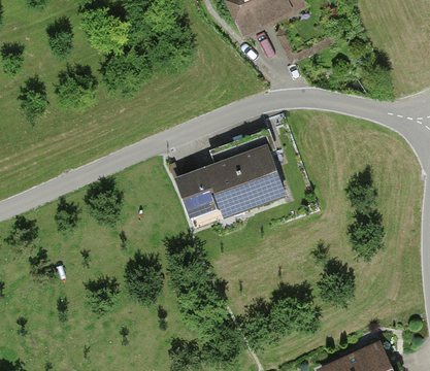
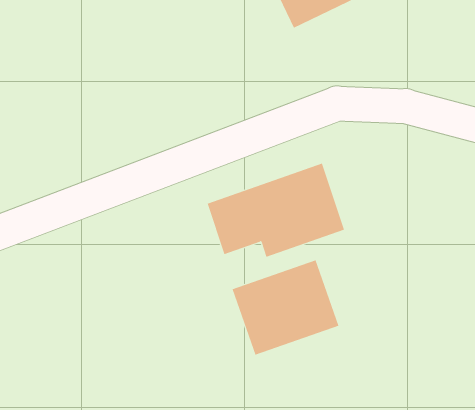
building: none -> [232,259,339,356]

